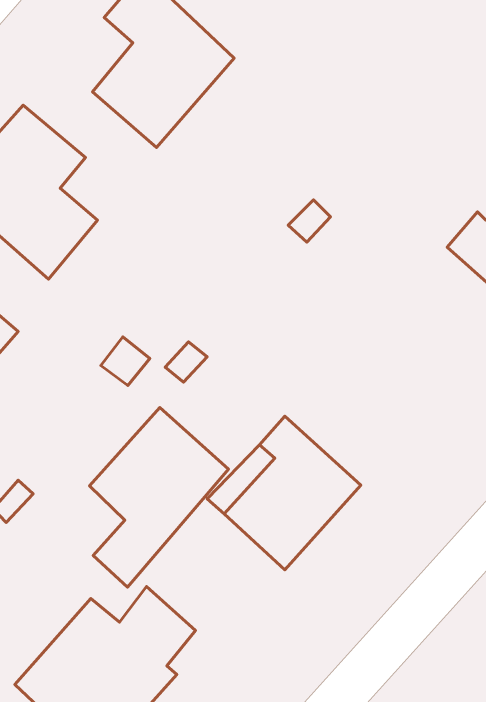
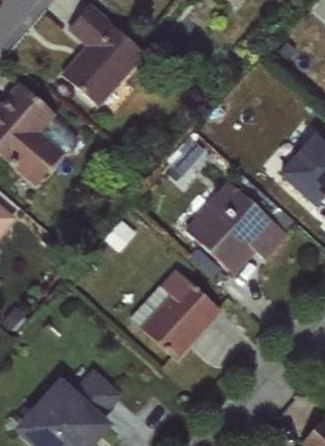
building: none -> [184,180,289,274]
building: [89,407,228,587] -> none

